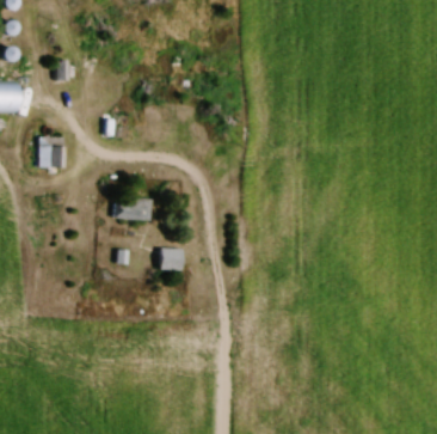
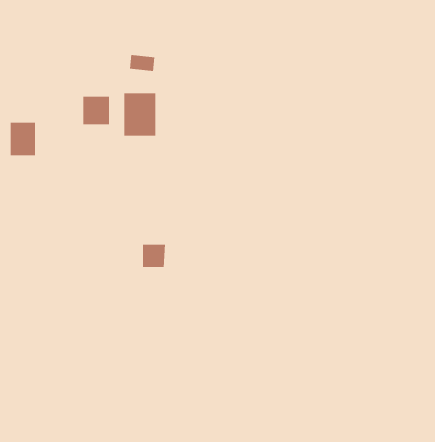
building: none -> [124,93,156,136]
building: [113,194,153,221] -> none

